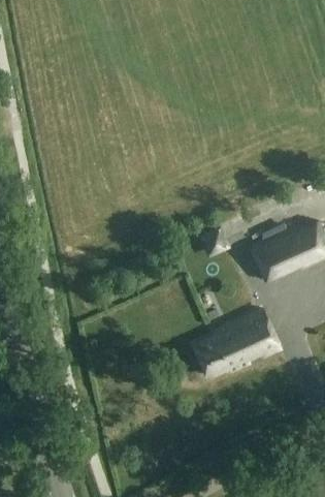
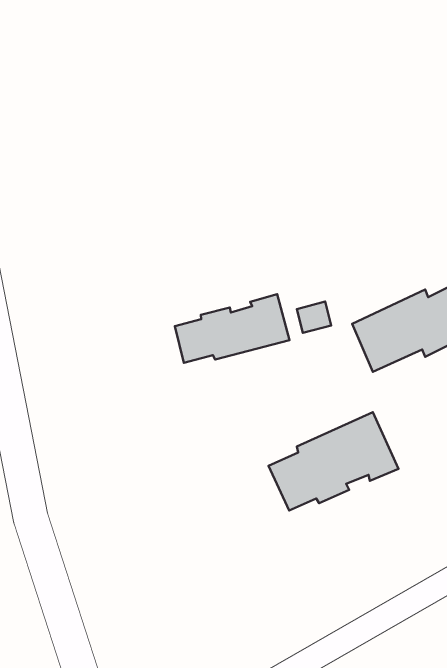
building: none -> [175,294,289,363]

